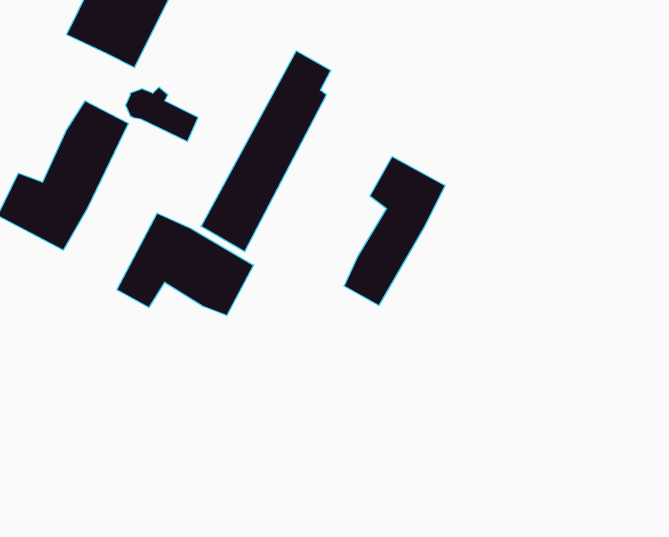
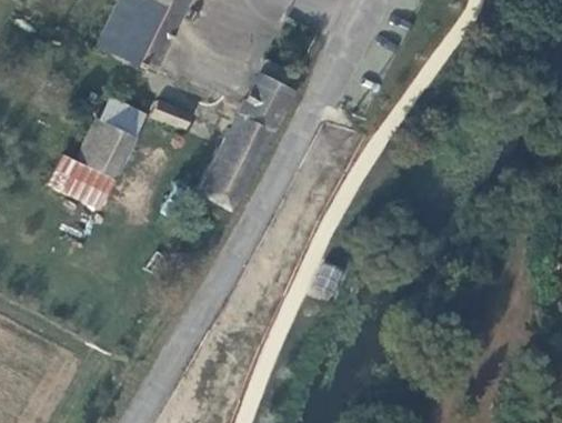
building: [344,157,445,305] -> none
building: [117,213,254,315] -> none

